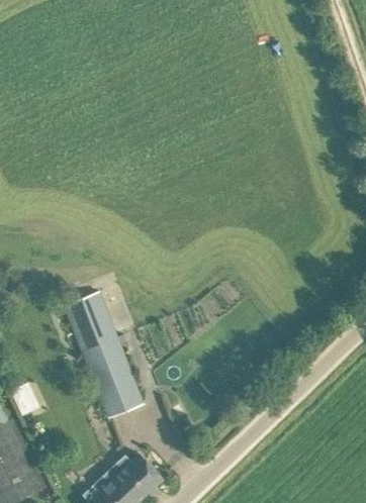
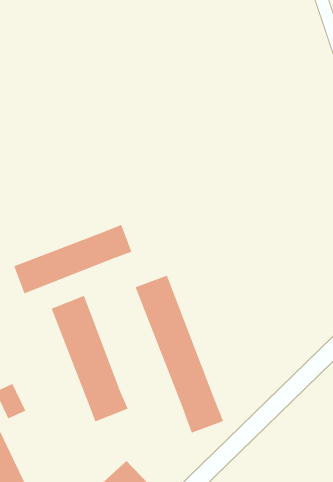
building: none -> [13,224,132,294]
building: none -> [135,275,224,434]

